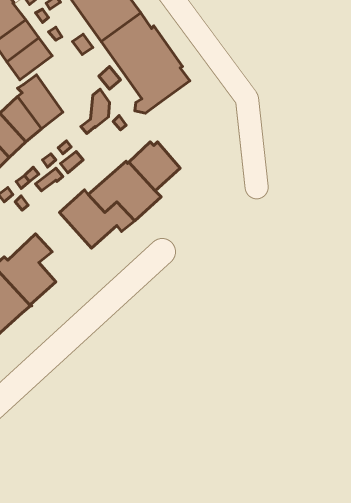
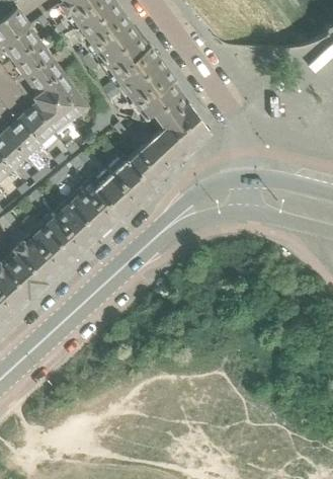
building: none -> [34,71,88,118]
building: none -> [151,92,209,166]
building: none -> [48,204,95,262]

